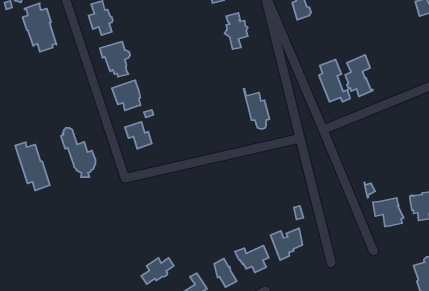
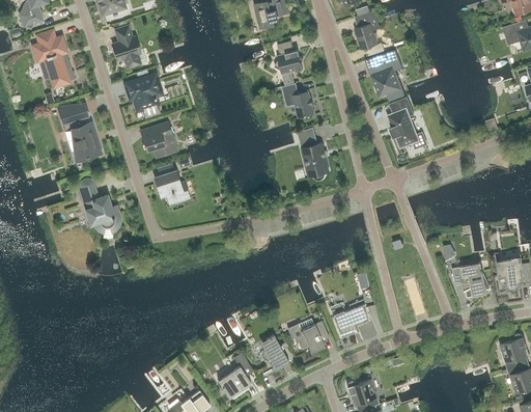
building: none -> [282,83,315,117]
building: [345,55,373,97] -> [372,52,406,102]
building: [15,142,50,191] -> [58,101,100,159]
building: [141,258,174,284] -> none

